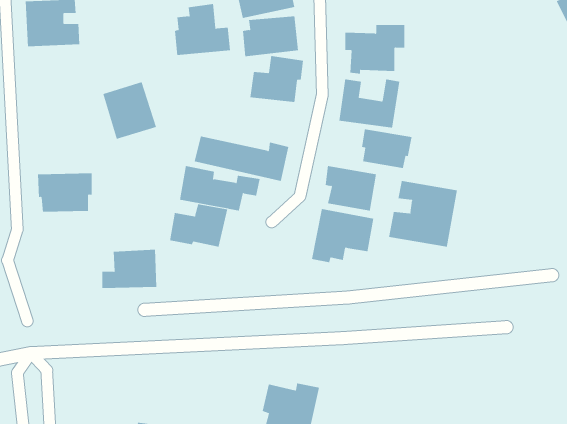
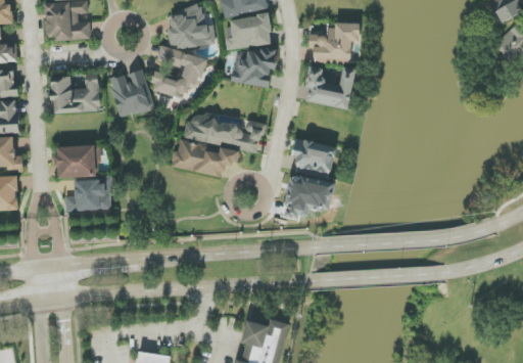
building: none -> [150,46,206,99]
building: none -> [50,74,100,112]
building: [362,128,412,169] -> none
building: [389,180,457,247] -> none
building: [170,203,228,247] -> none
building: [102,249,157,289] -> [65,178,111,211]

